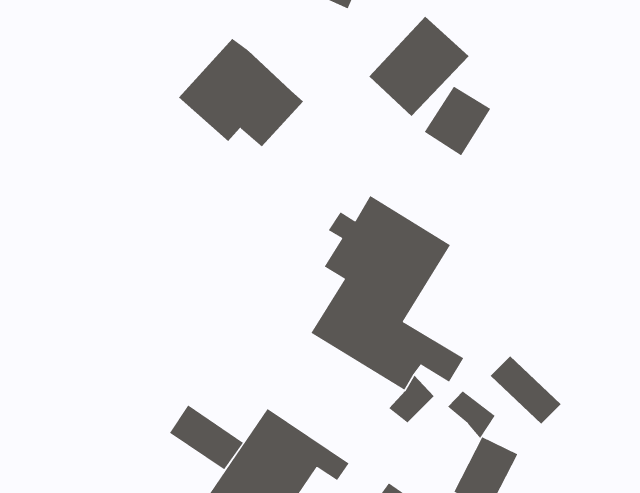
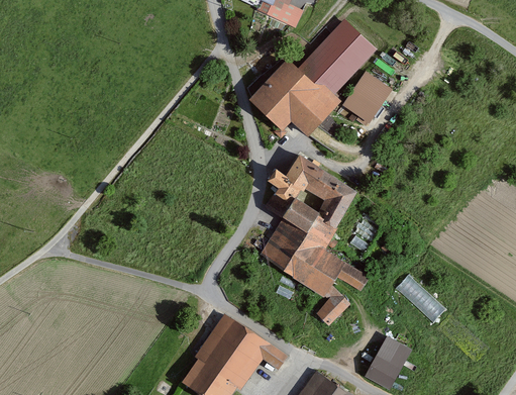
building: [178,38,304,147] -> [248,56,342,137]
building: [447,391,496,439] -> none
building: [169,405,244,470] -> none

